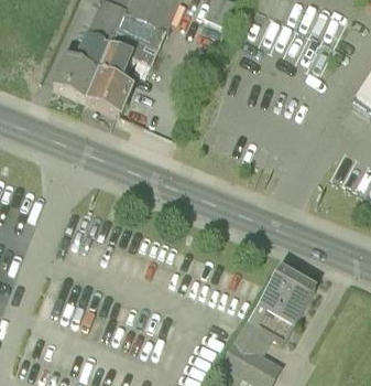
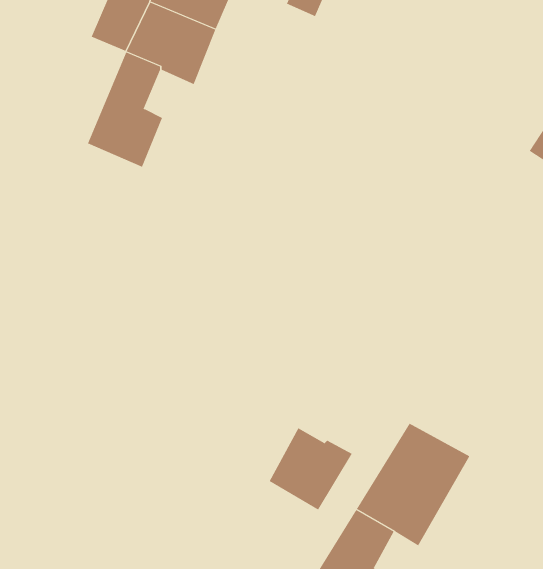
building: [55,33,111,97] -> none
building: none -> [269,427,353,511]

